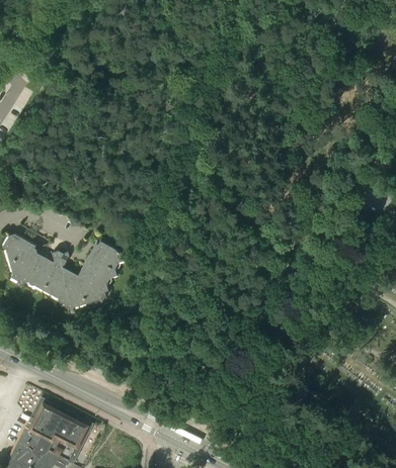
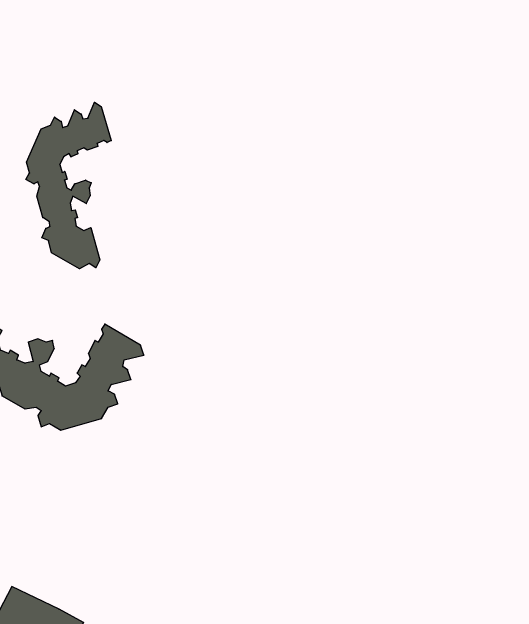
building: none -> [26,102,111,269]

